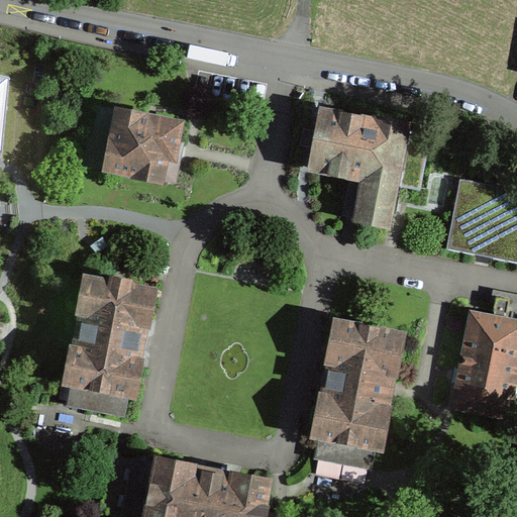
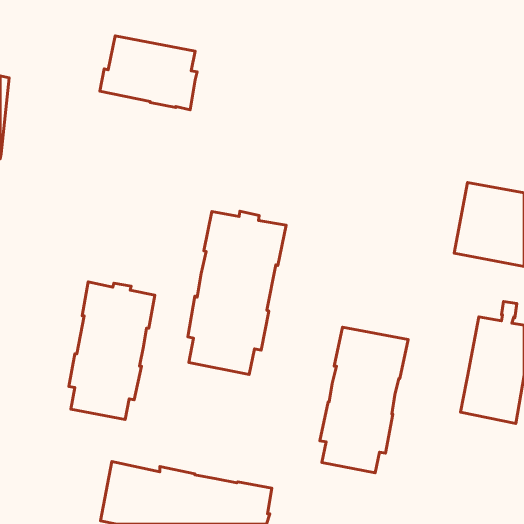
building: [86,108,182,181] -> [100,36,197,110]
building: [313,111,406,223] -> none
building: none -> [188,211,286,375]

